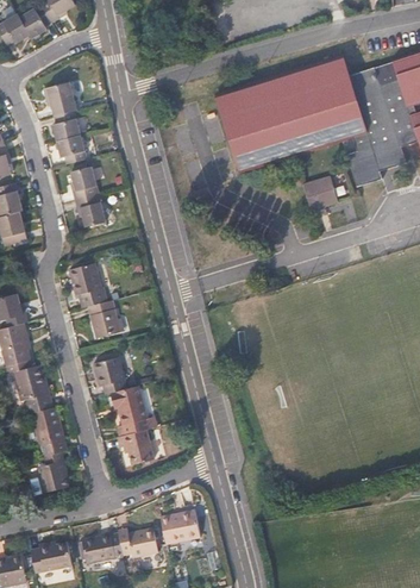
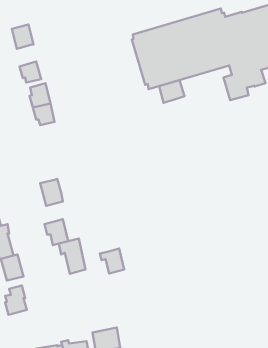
building: [54,110,81,140] -> none
building: [302,179,338,211] -> [159,80,185,103]
building: [69,263,107,308] -> none
building: [118,430,152,465] -> [100,248,124,274]

